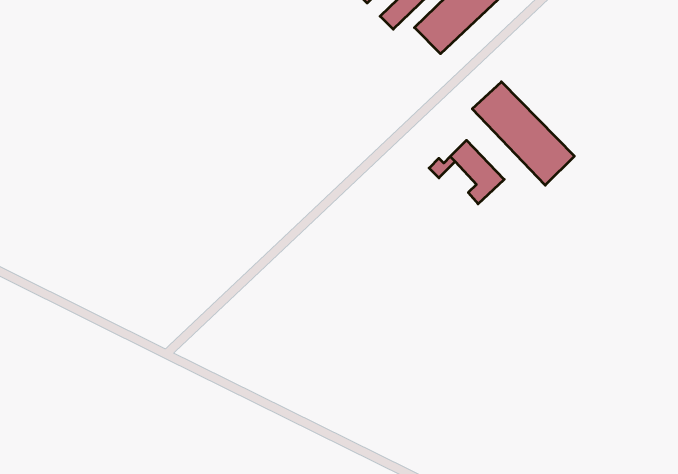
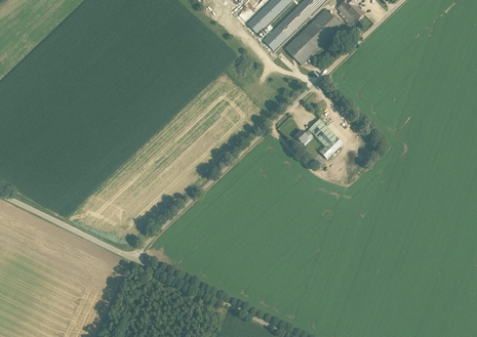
building: [472,82,574,185] -> none

